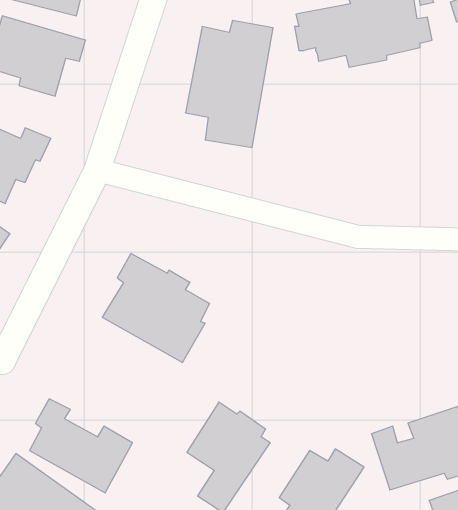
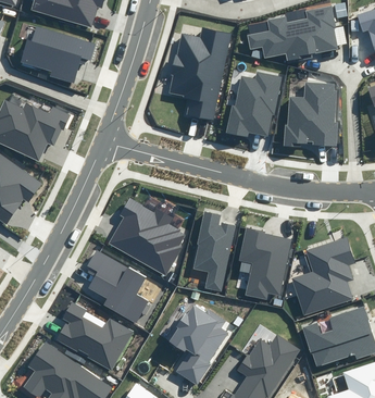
building: none -> [227,69,284,137]
building: none -> [284,84,339,148]
building: none -> [191,211,235,291]
building: none -> [239,227,291,299]
building: none -> [291,235,357,315]
building: none -> [86,250,148,323]

